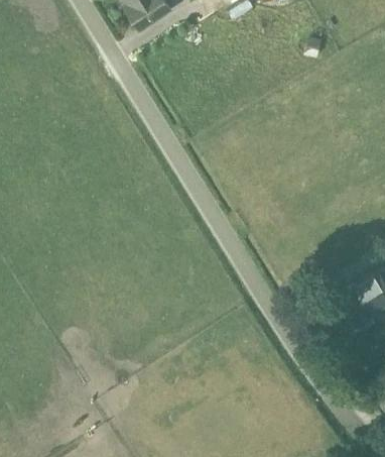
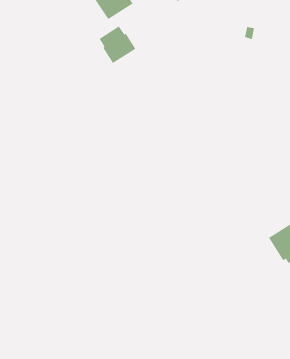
building: none -> [99,25,136,64]

